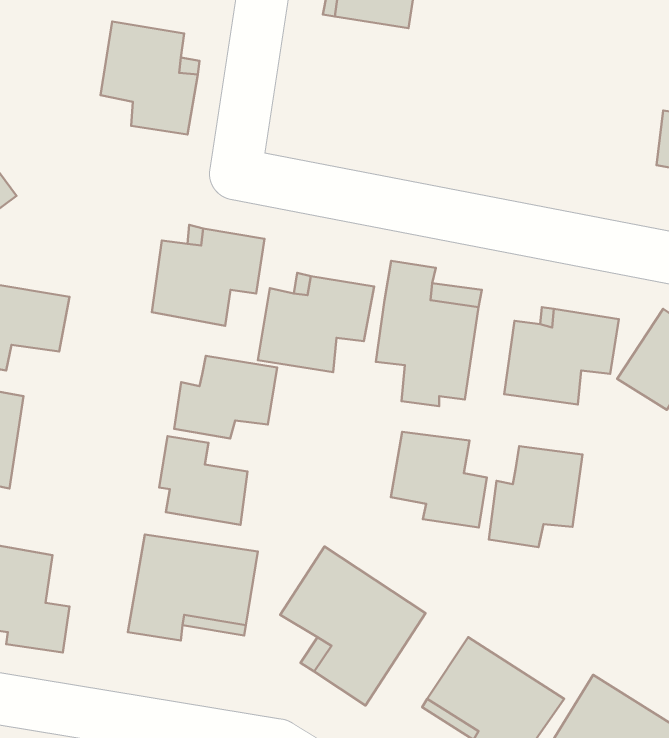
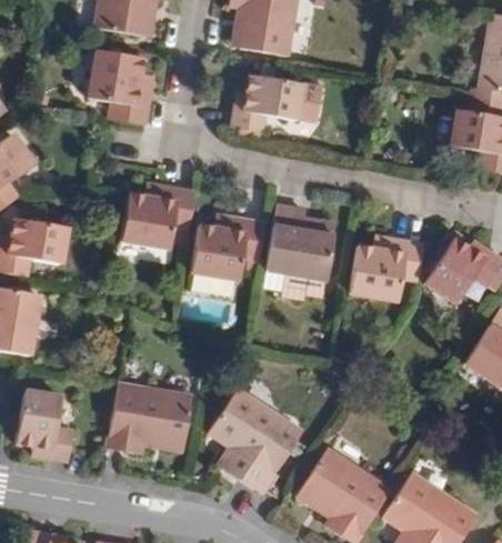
building: none -> [233,73,303,130]
building: [174,356,277,439] -> none
building: [391,432,487,527] -> none
building: [159,436,248,525] -> none
building: [489,446,583,547] -> none

